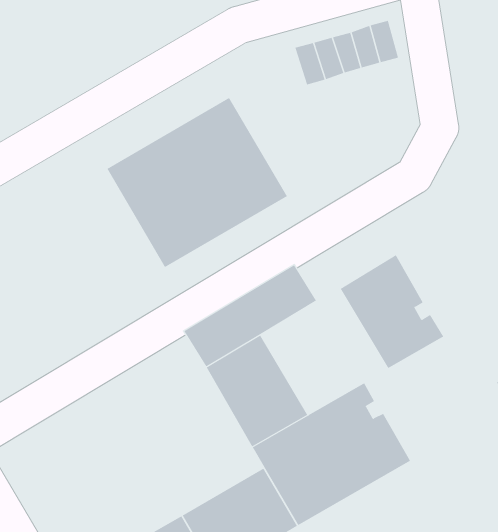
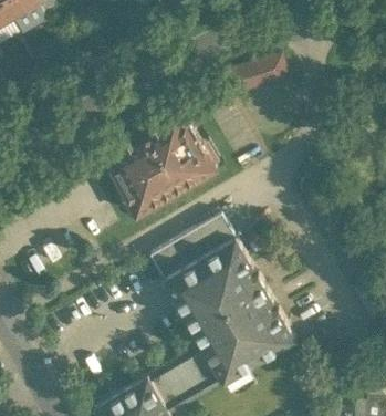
building: [340,254,444,369] -> [199,235,267,309]

